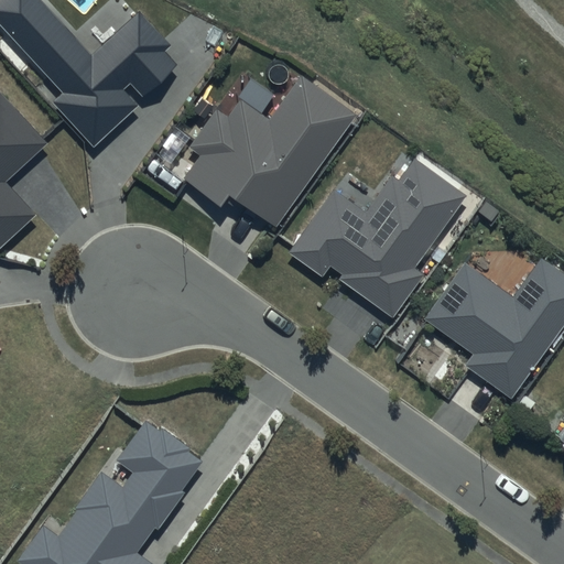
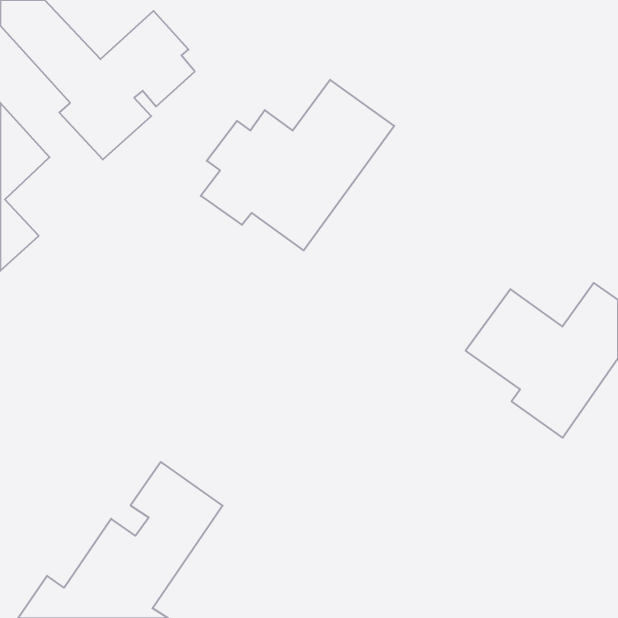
building: [290,160,466,317] -> none

